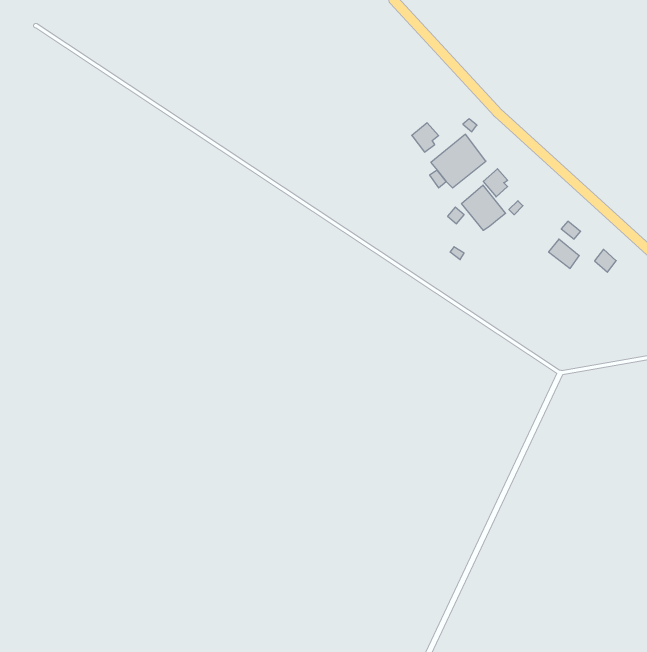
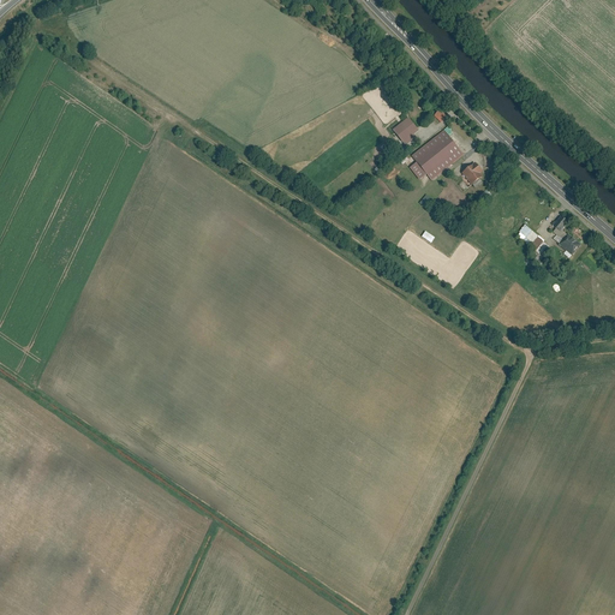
building: [462,185,506,230] -> none

